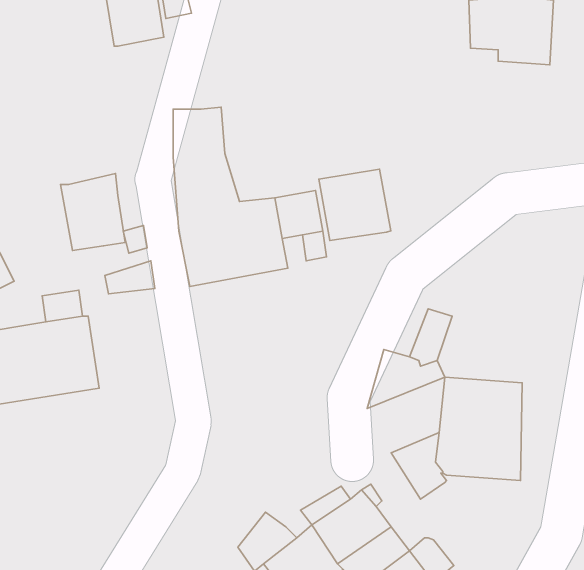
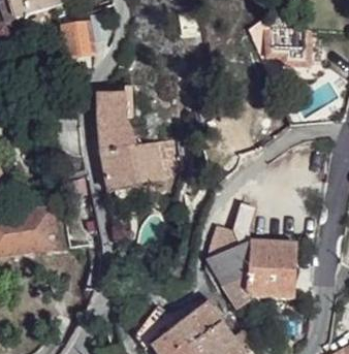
building: [319,169,391,241] -> none
building: [60,173,125,251] -> none
building: none -> [208,240,251,283]

